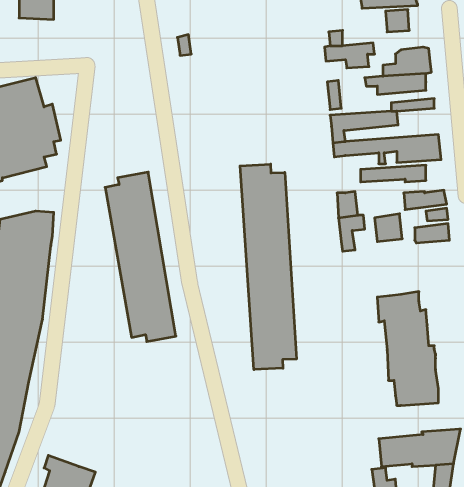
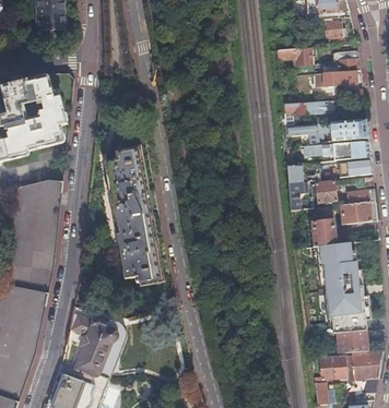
building: [240,164,296,370] -> none
building: none -> [340,202,376,224]
building: none -> [311,206,335,247]
building: none -> [68,312,125,377]
building: none -> [335,329,367,353]

